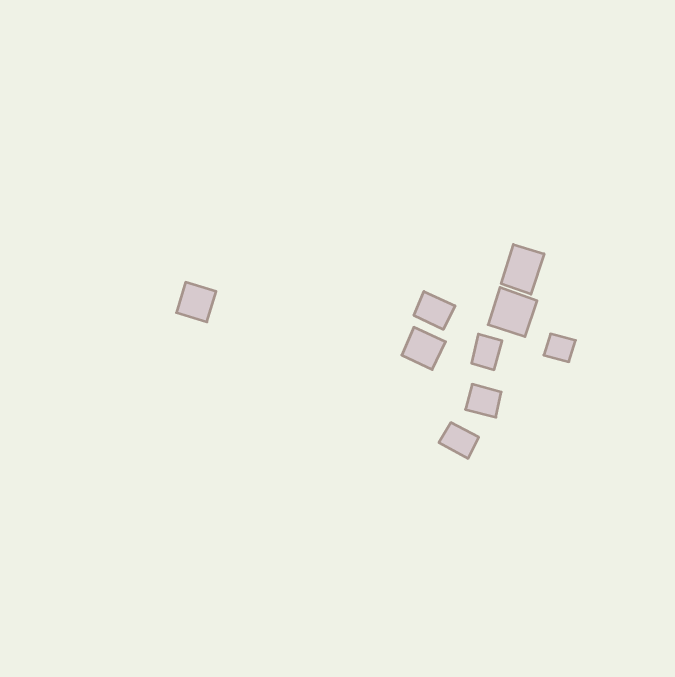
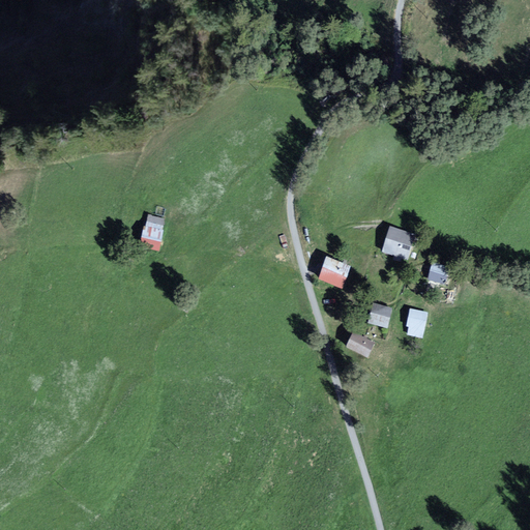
building: [501,244,544,294] -> none
building: [414,291,455,329] -> none
building: [472,334,502,370] -> [403,307,426,335]

